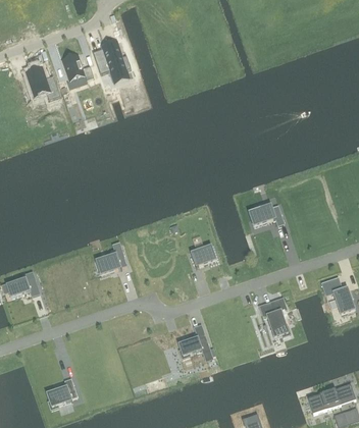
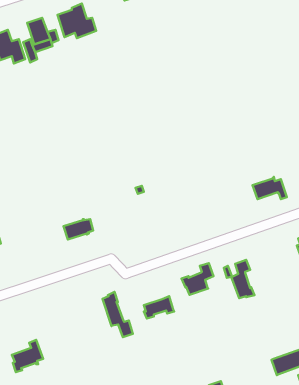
building: [244,205,278,227] -> [252,177,287,199]
building: [187,245,214,268] -> none
building: none -> [181,263,214,295]
building: none -> [103,292,133,337]

